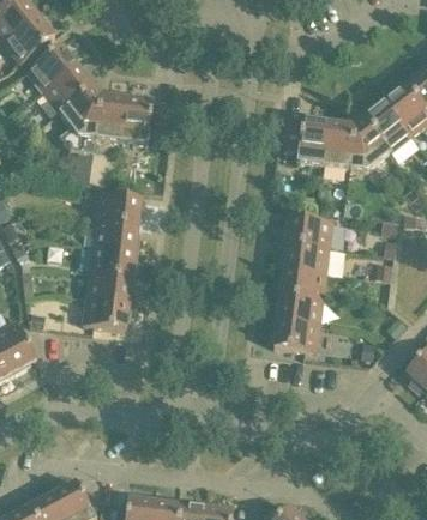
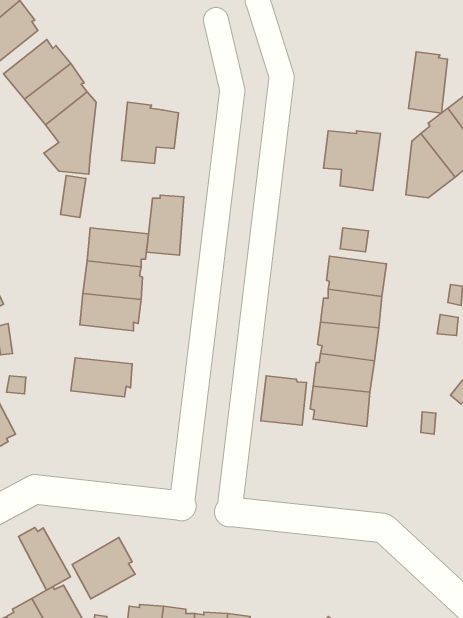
building: [96,91,126,139] -> [147,195,184,255]
building: [323,119,354,168] -> [409,52,447,113]
building: [84,272,132,303] -> none
building: none -> [261,376,307,425]
building: none -> [19,528,70,590]
building: none -> [72,538,135,599]

